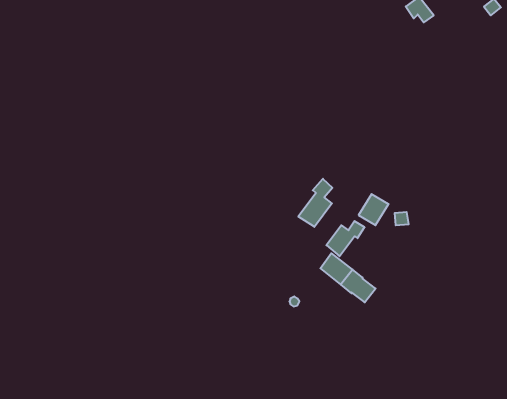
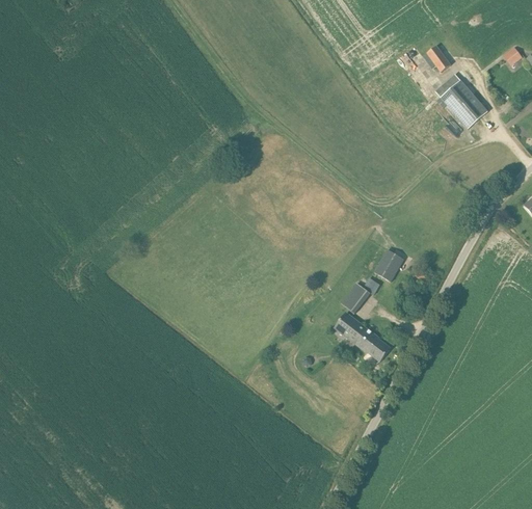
building: none -> [434,73,487,129]
building: [298,179,332,227] -> none

